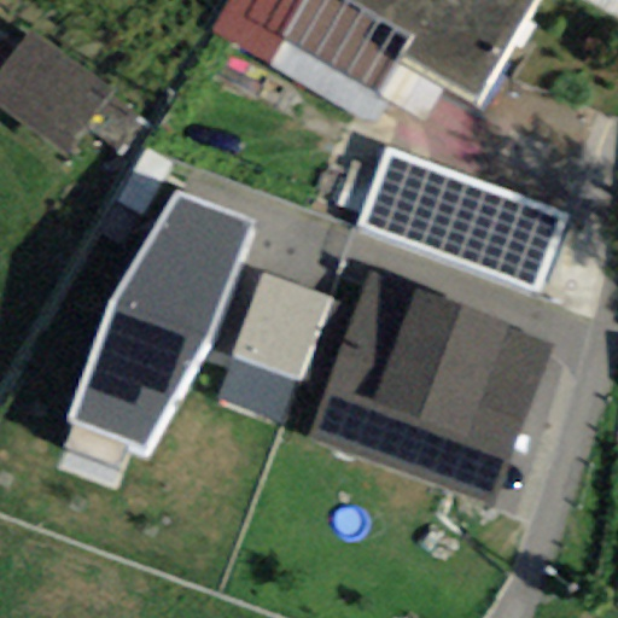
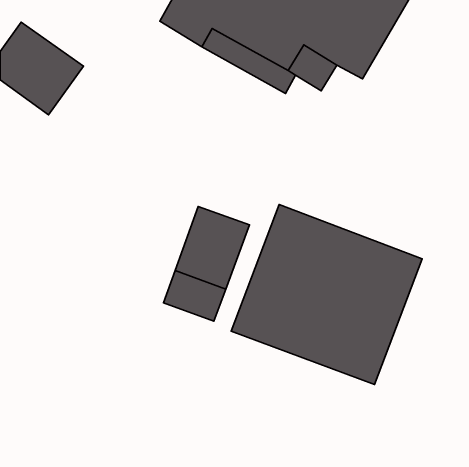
building: [356,146,567,291] -> none
building: [69,191,251,451] -> none

